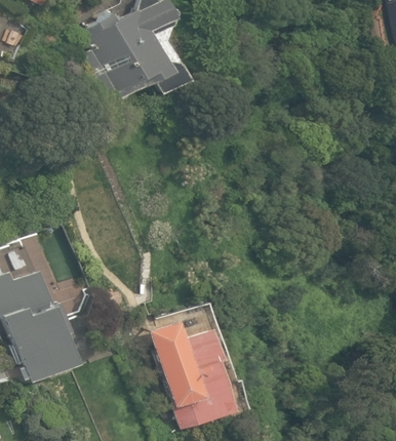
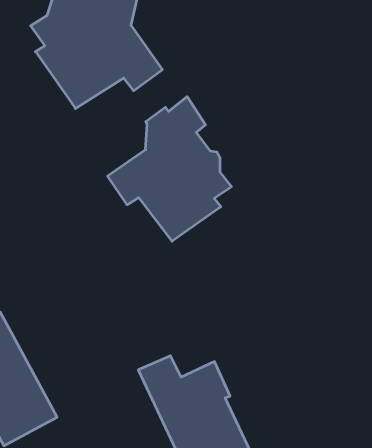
building: none -> [108,97,231,241]

